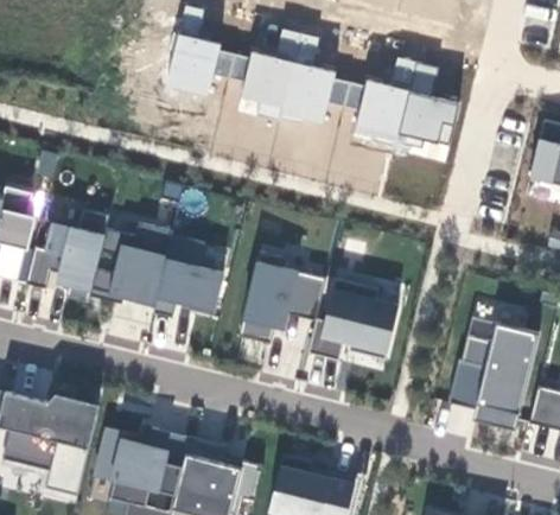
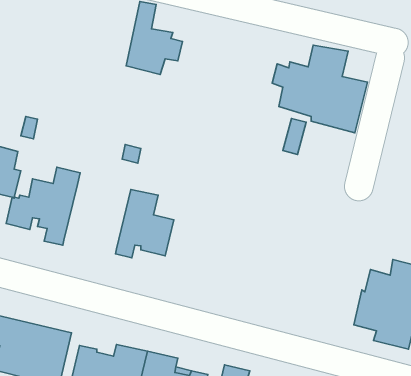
building: [230,30,351,126] -> none
building: [91,223,174,309] -> none
building: [234,253,322,344] -> none
building: [311,274,402,357] -> none

